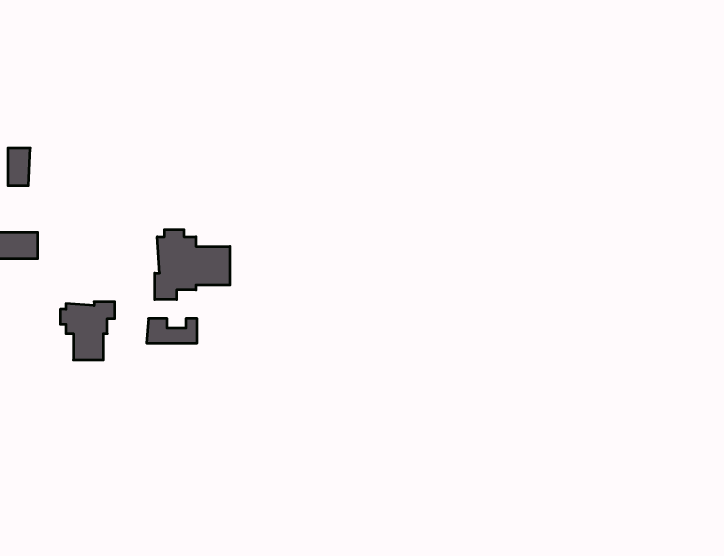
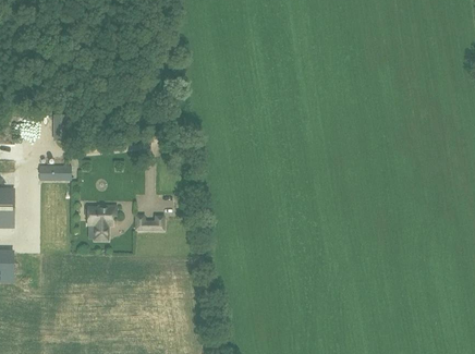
building: [155,230,230,300] -> none

